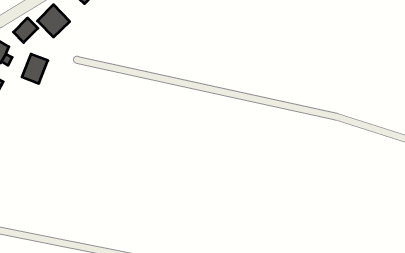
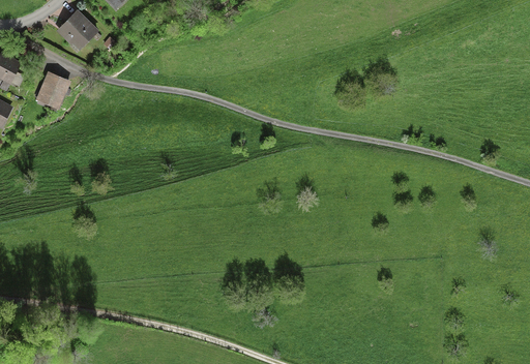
building: [13,18,38,43] -> none

